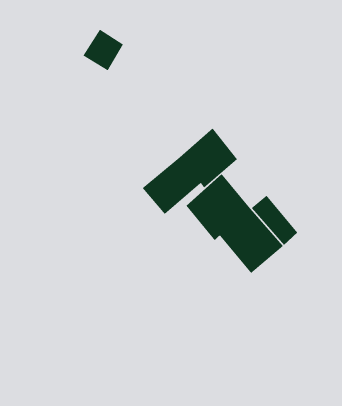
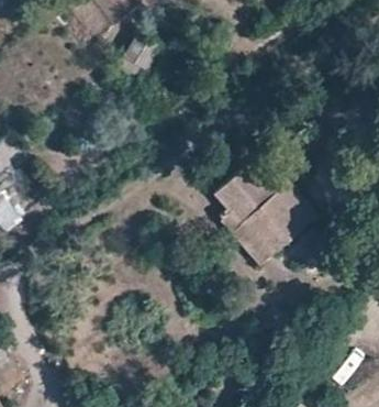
building: [142,128,238,215] -> none

